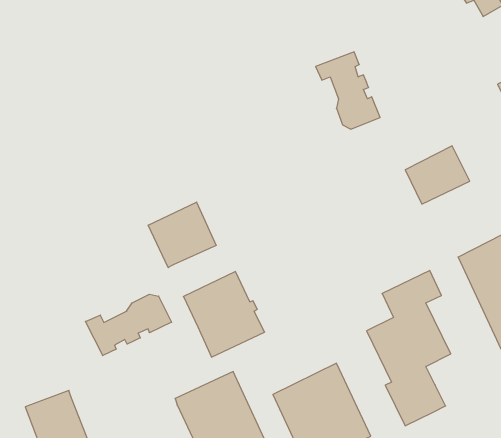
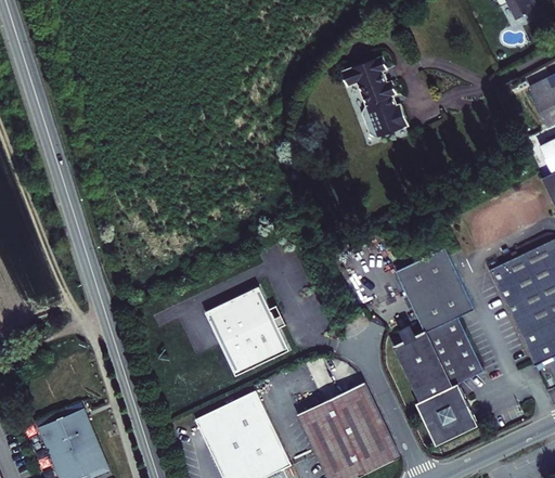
building: [405,146,470,204] -> [393,248,461,309]
building: [148,202,216,268] -> none
building: [85,294,172,356] -> none

